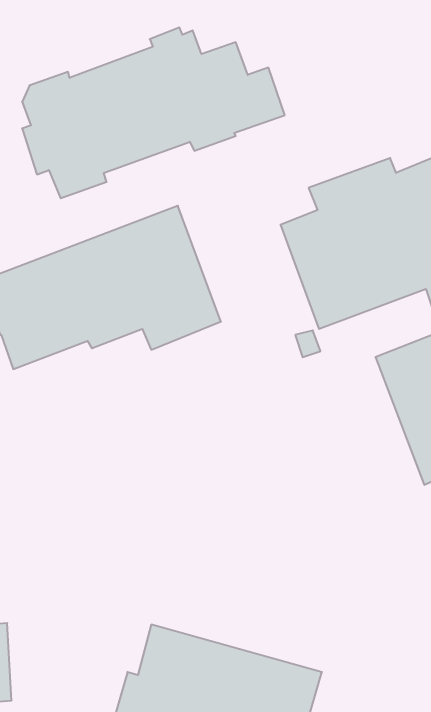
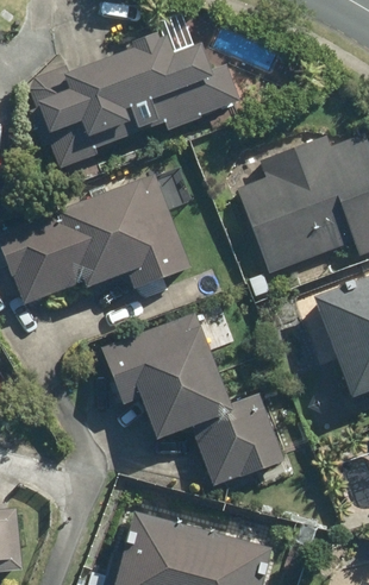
building: none -> [100,312,284,485]

